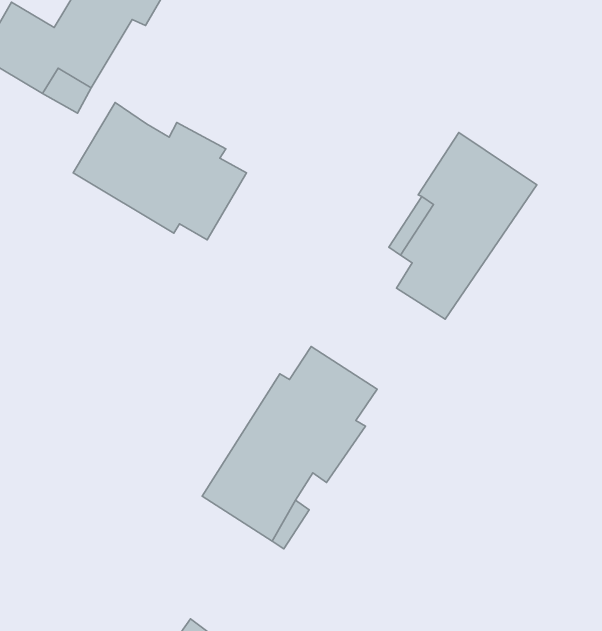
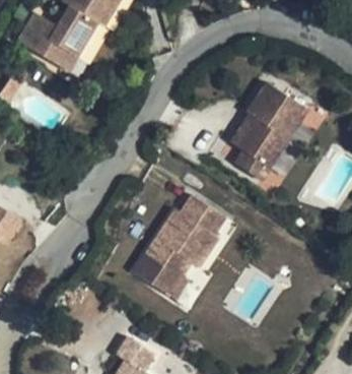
building: [73,102,247,240] -> none

